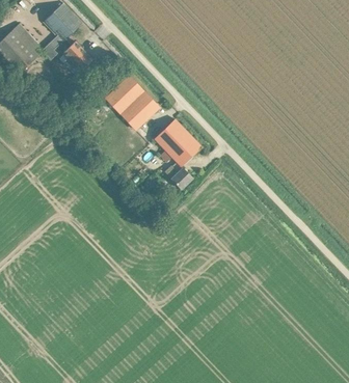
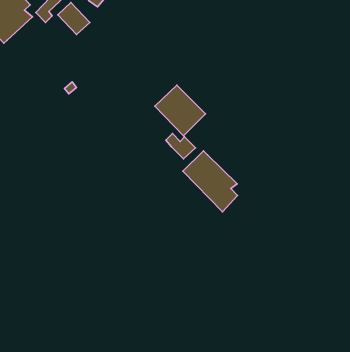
building: [105,75,159,130] -> none
building: none -> [183,151,237,212]

